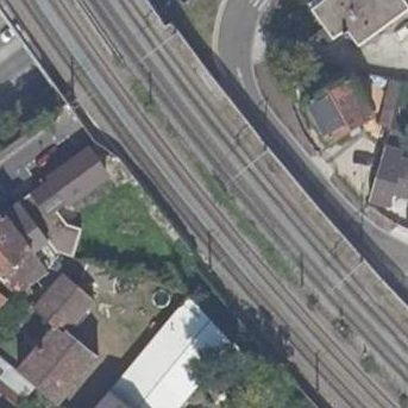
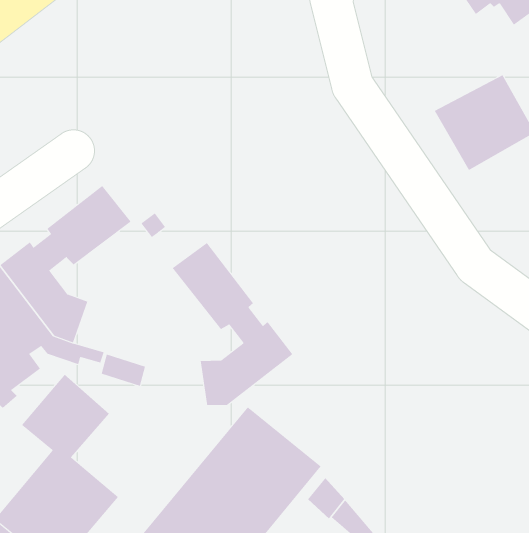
building: none -> [172,242,293,406]

